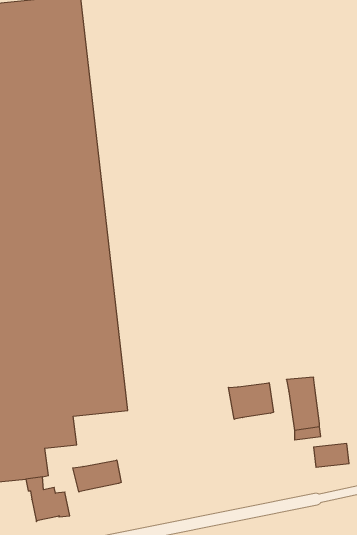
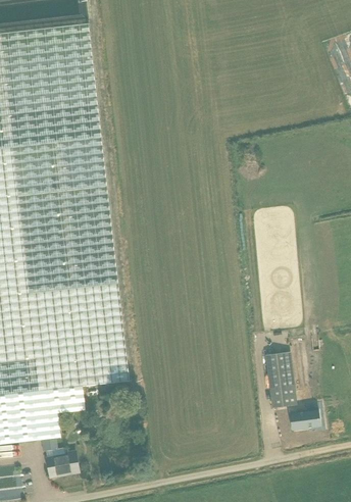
building: [228,383,273,419] -> none
building: [73,460,121,492] -> none

